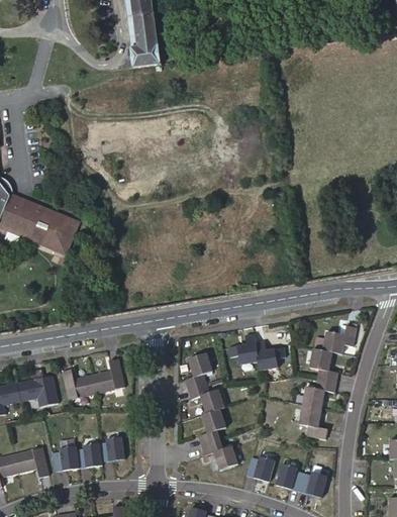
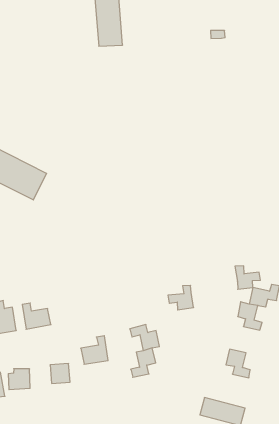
building: [256,343,286,371] -> [235,266,260,289]
building: [185,354,212,391] -> none
building: [92,357,124,392] -> [81,336,108,364]
building: [304,380,337,410] -> none
building: [195,441,231,469] -> none
building: [77,442,101,466] -> none
building: [247,454,274,480] -> none

